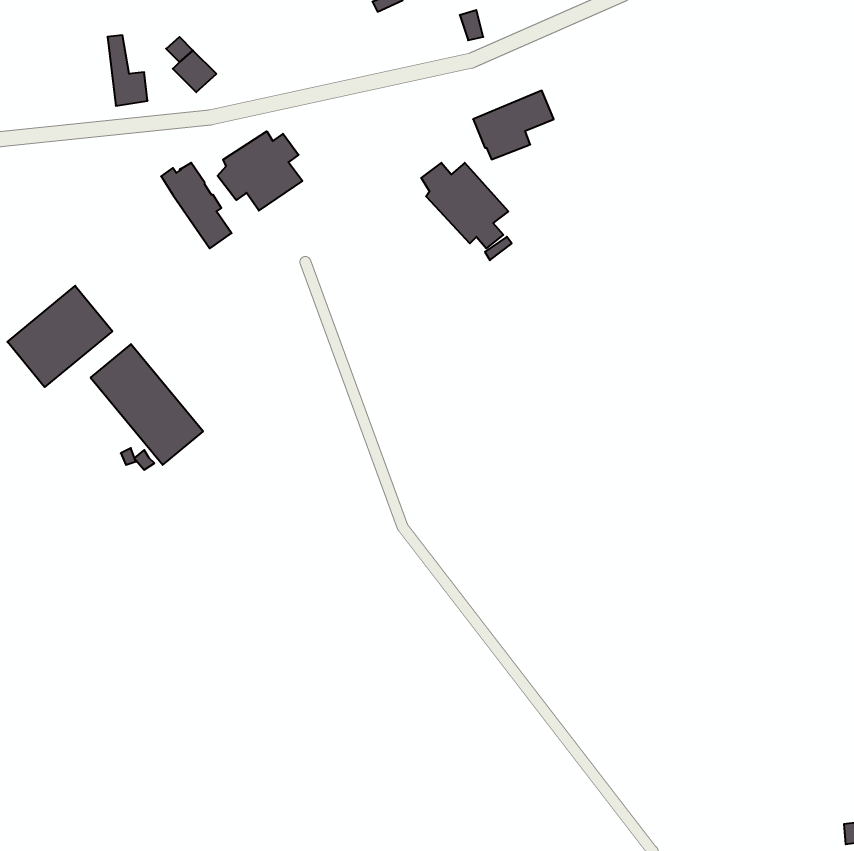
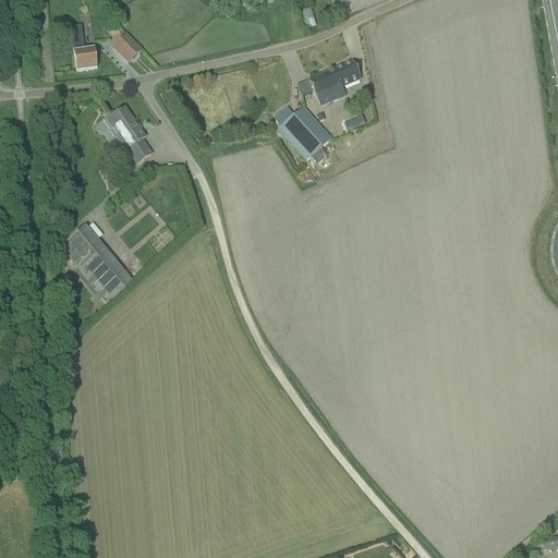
building: [218,131,302,211] -> none
building: [7,286,112,387] -> none

